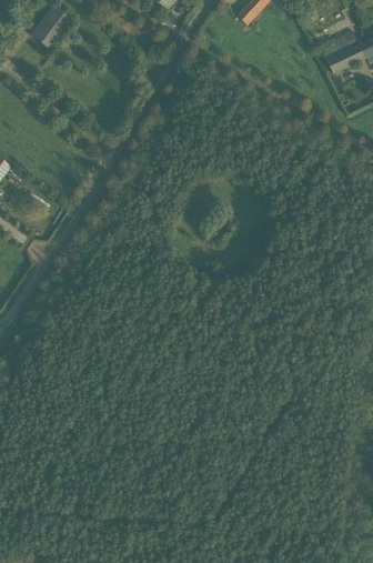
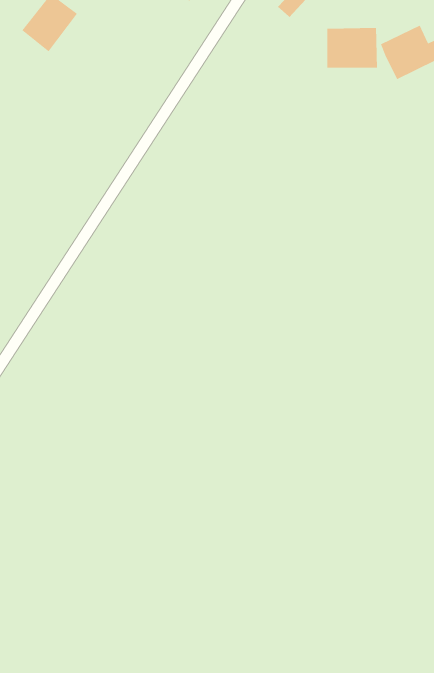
building: none -> [327,27,378,69]

